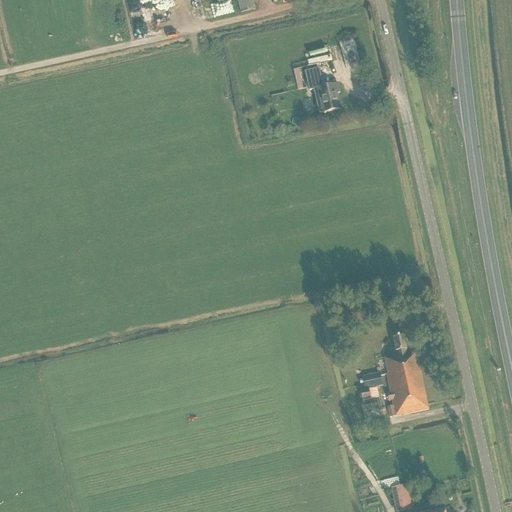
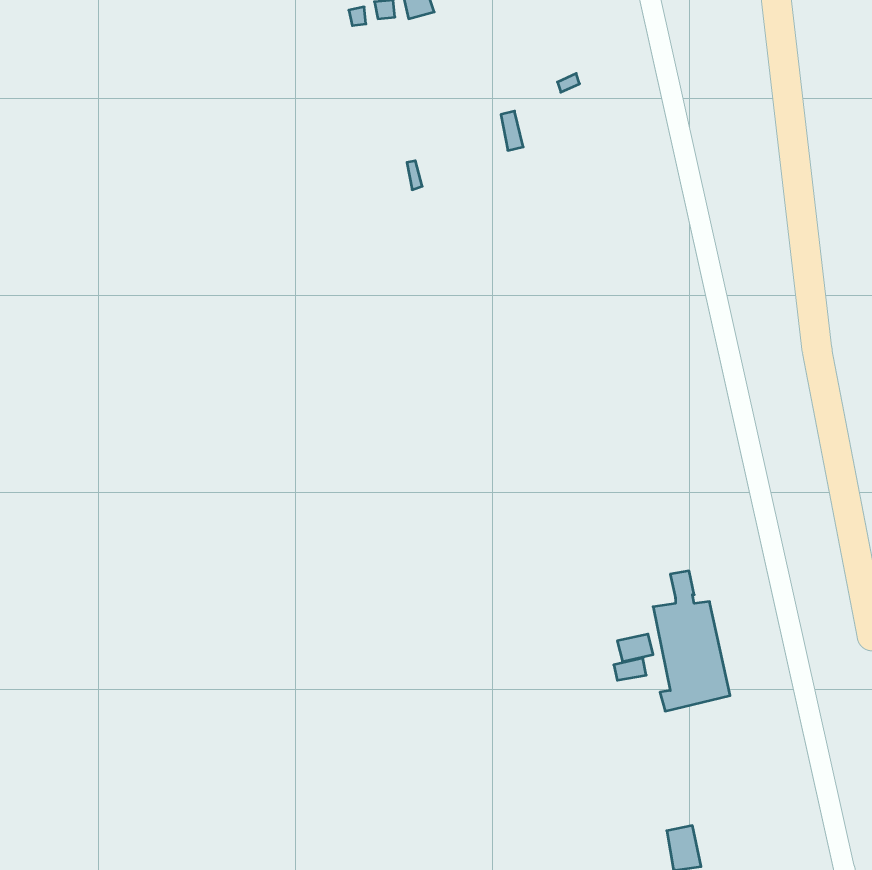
building: [306,62,339,111] -> none

